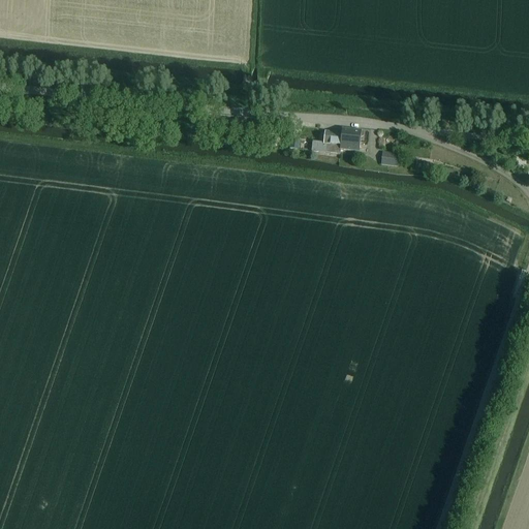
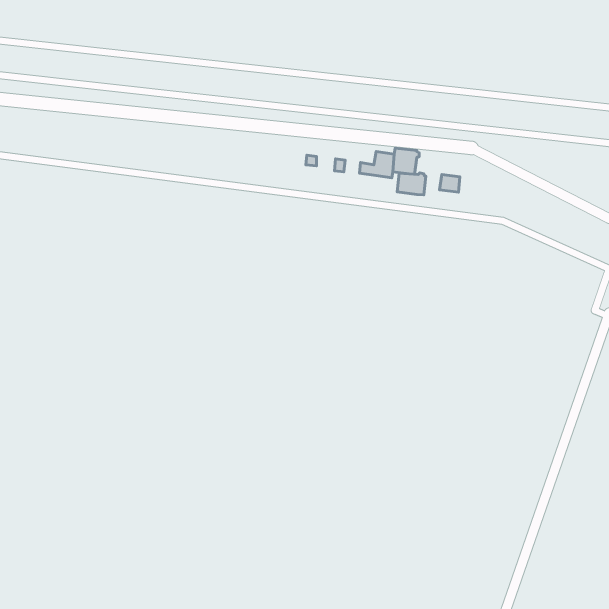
building: none -> [397,173,426,195]

